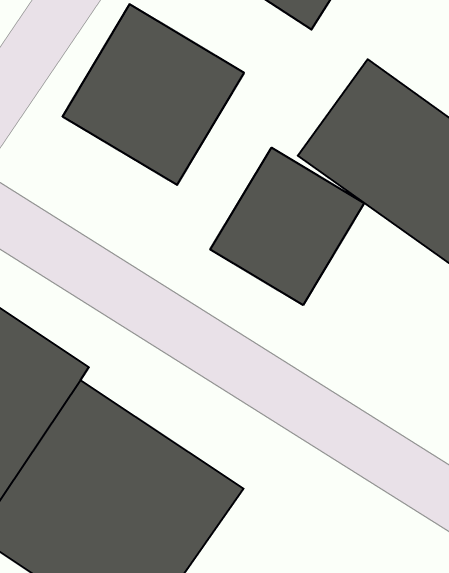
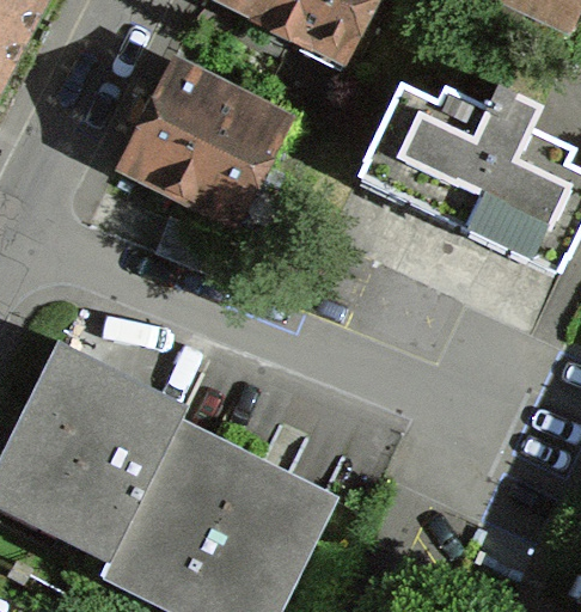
building: [210,148,364,305] -> none

